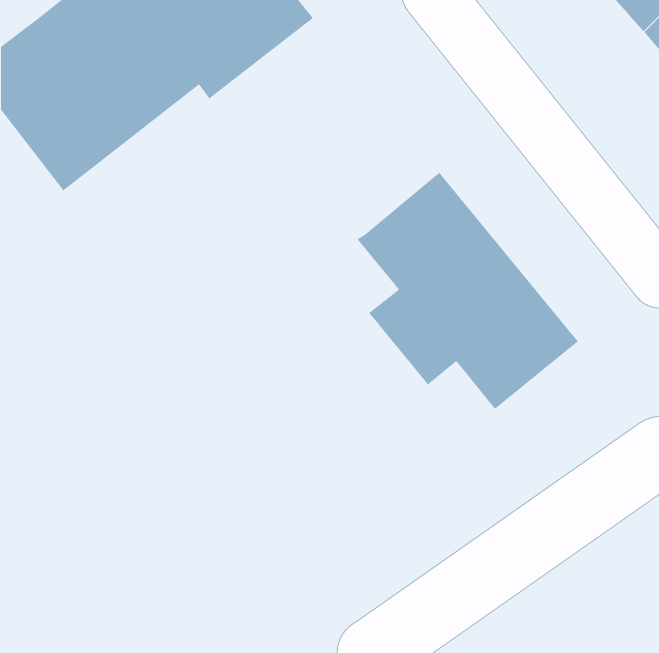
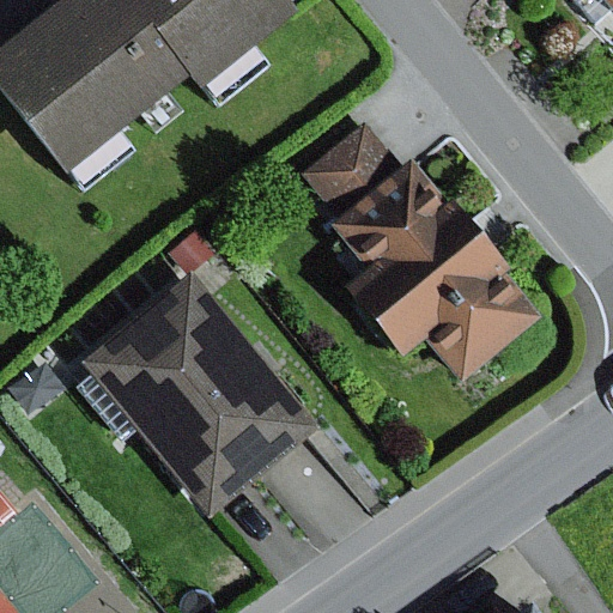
building: none -> [301,119,402,217]
building: none -> [79,271,316,516]

